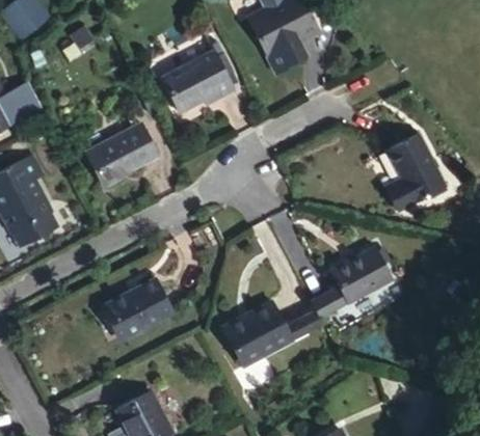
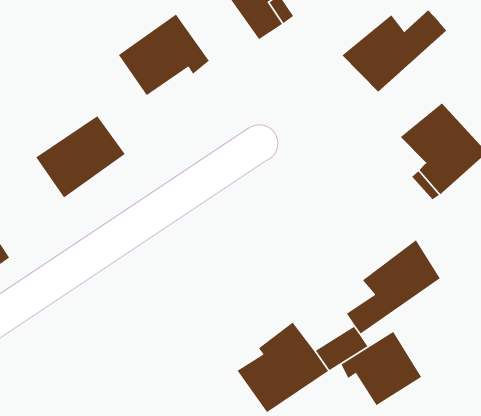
building: none -> [342,9,447,93]
building: [109,273,178,333] -> none
building: none -> [340,331,422,406]

